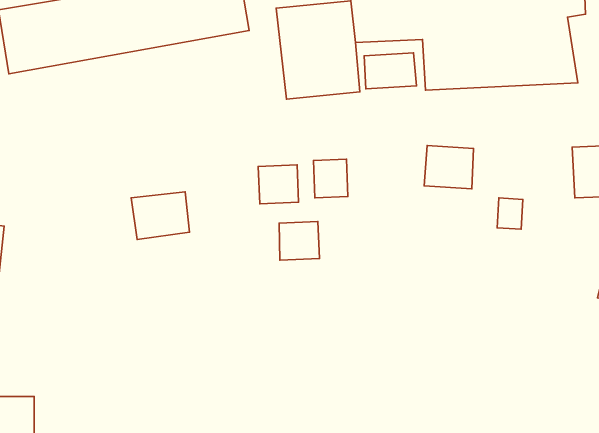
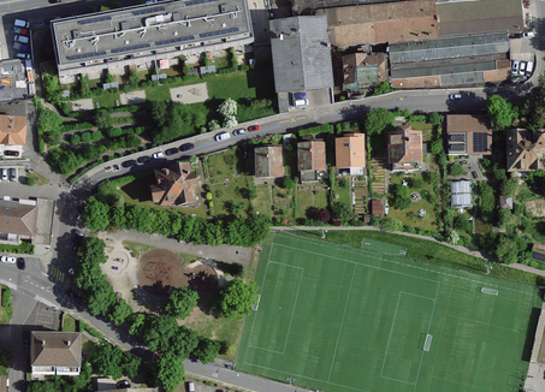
building: none -> [446,114,490,166]
building: none -> [336,138,367,171]
building: [279,222,320,260] -> none

